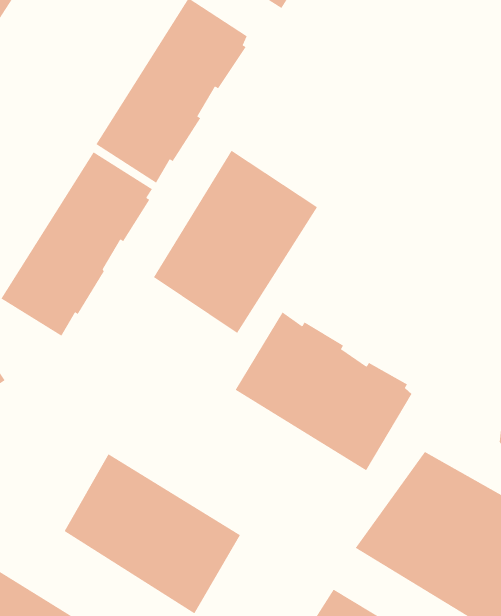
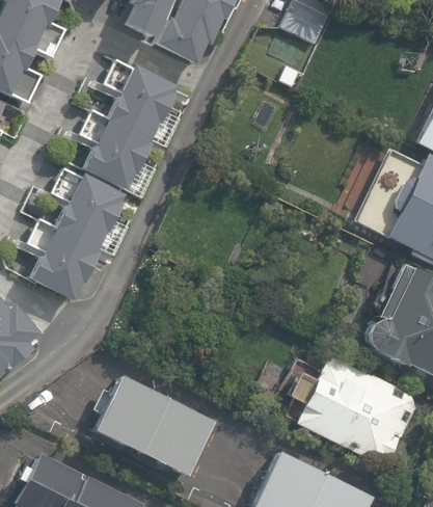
building: [153,150,318,334] -> none
building: [235,312,412,471] -> none

